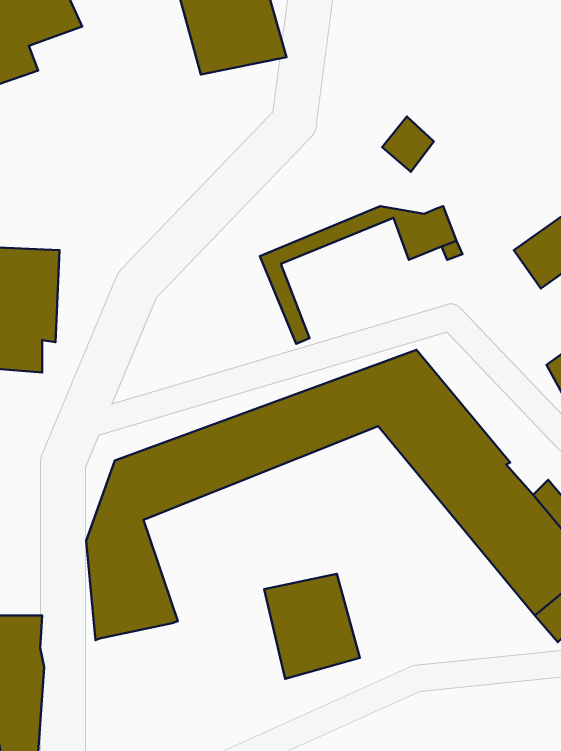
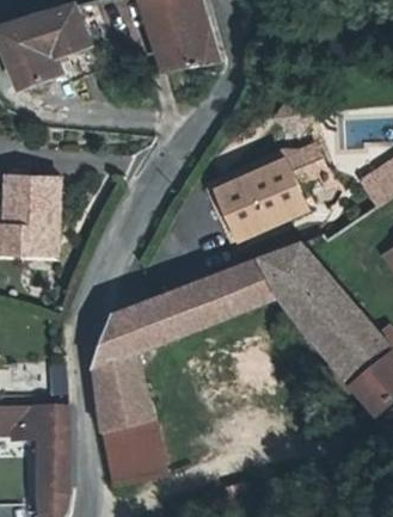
building: none -> [215,162,305,241]
building: [264,574,360,679] -> [102,416,161,481]

